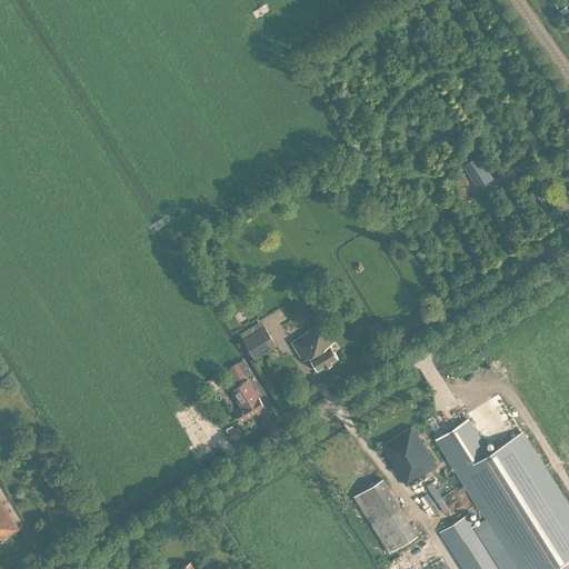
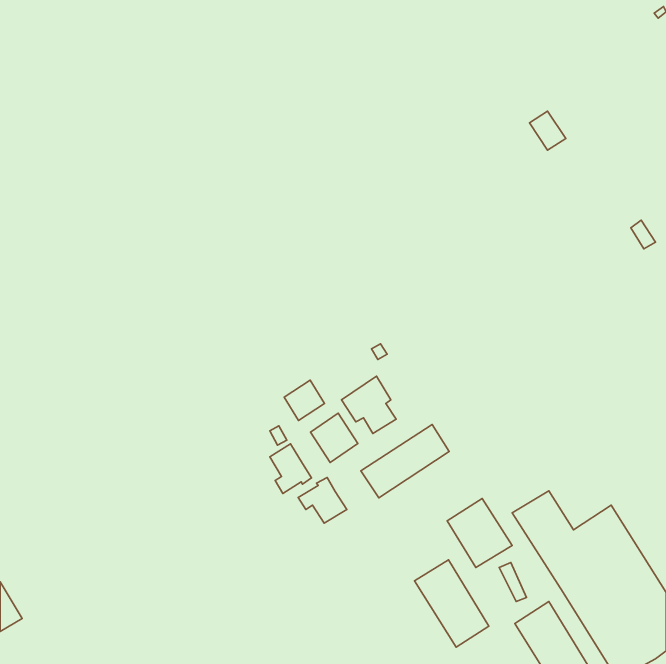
building: [462,156,493,189] -> [529,111,566,150]
building: none -> [311,413,358,462]
building: none -> [361,425,449,498]
building: none -> [298,478,347,523]

